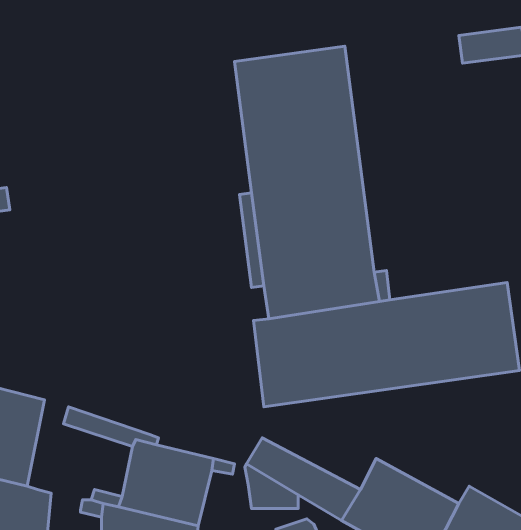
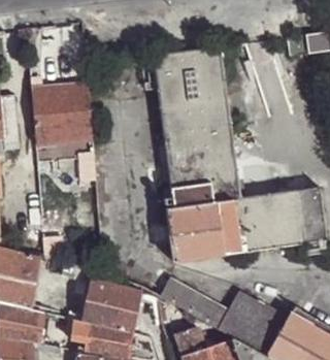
building: none -> [31,80,91,143]

